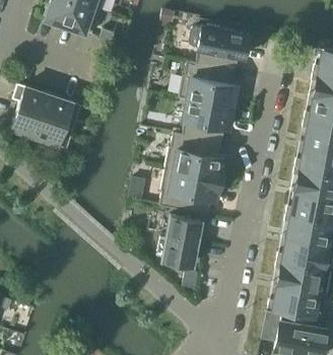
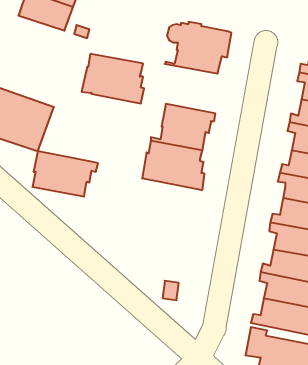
building: [178,65,237,112] -> [82,54,144,104]
building: [159,172,221,215] -> [32,151,98,197]
building: [157,216,201,266] -> none

